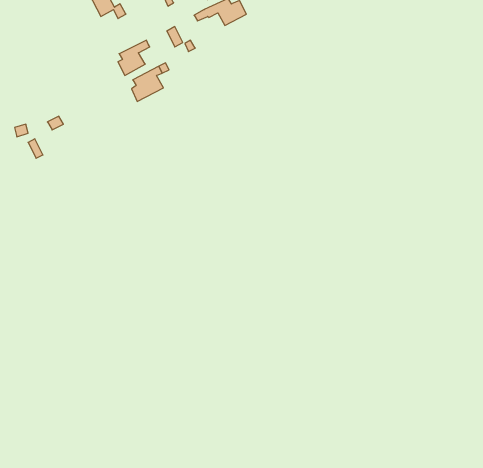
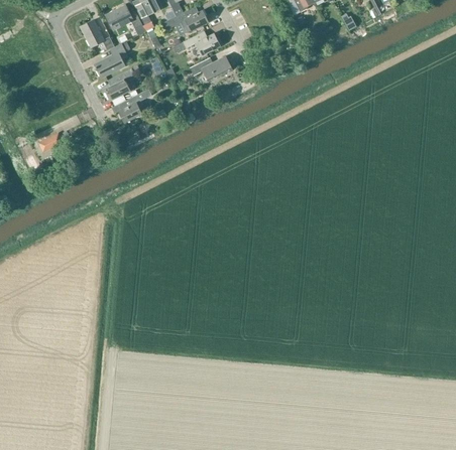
building: none -> [94,41,130,78]
building: none -> [189,55,232,81]

